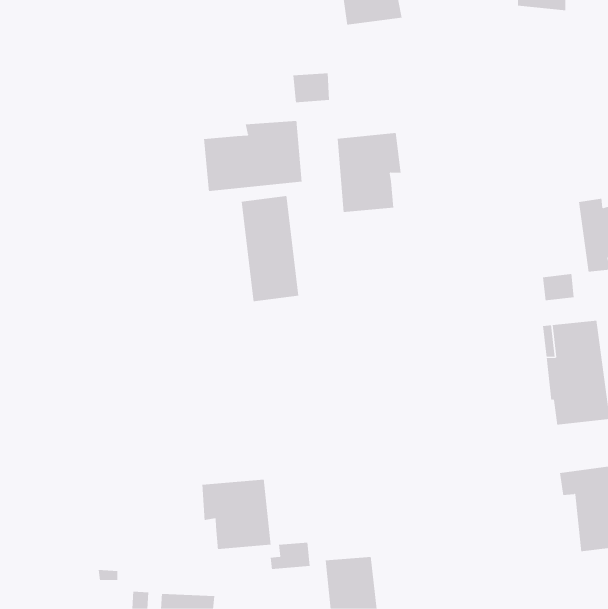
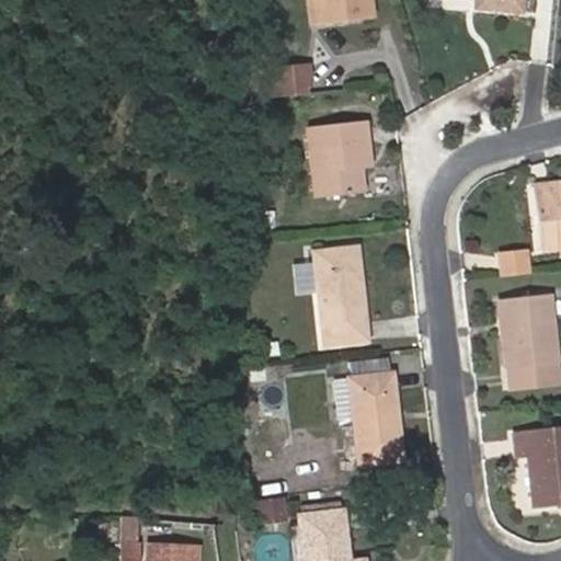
building: [204,120,302,192] -> none
building: [241,196,299,302] -> [314,247,368,344]
building: none -> [350,373,402,462]
building: [202,479,271,550] -> none

